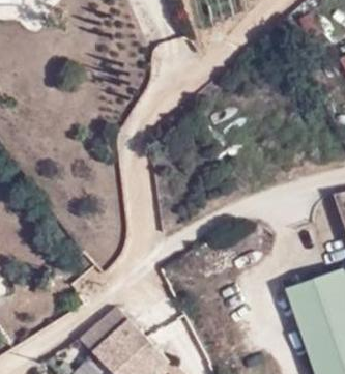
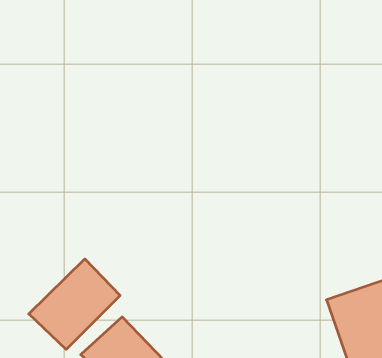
building: none -> [29,259,120,349]

